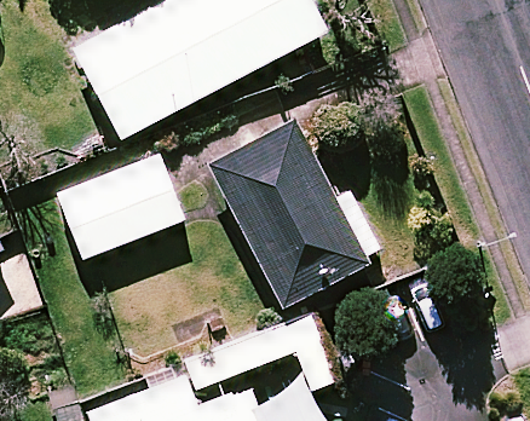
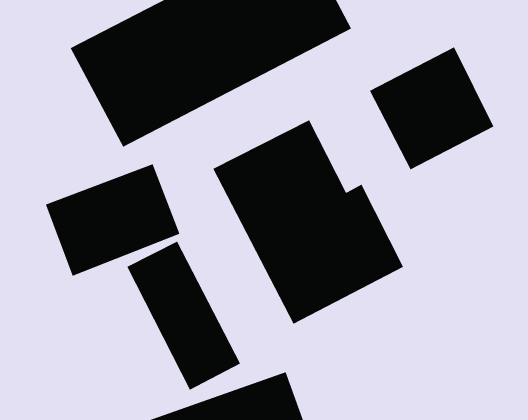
building: none -> [369,46,495,170]
building: none -> [126,241,241,391]

